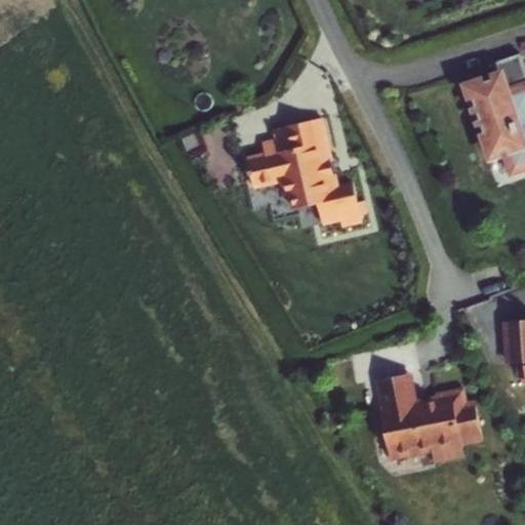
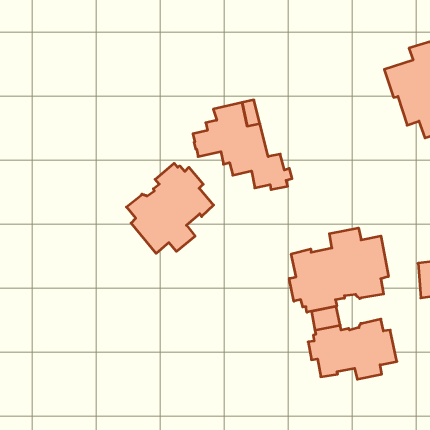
building: none -> [126,163,214,253]
building: none -> [289,228,388,312]

